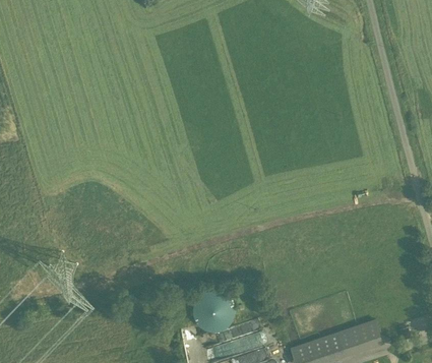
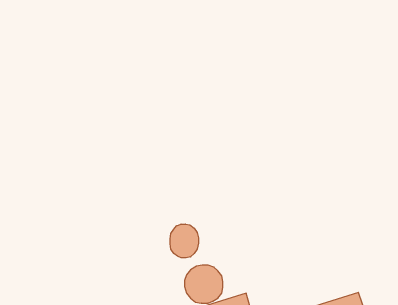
building: none -> [170,224,199,258]

